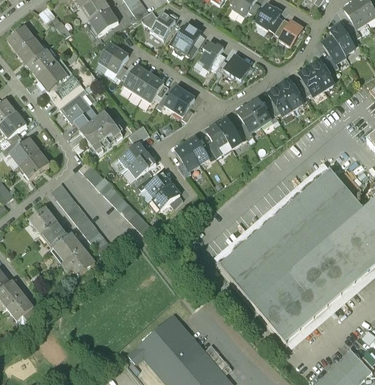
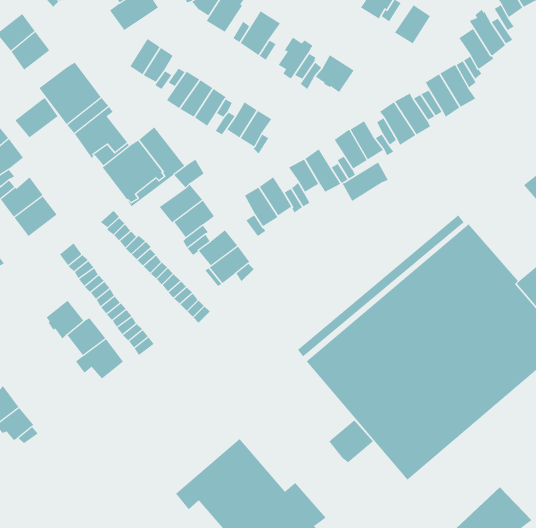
building: [26,49,56,77] -> [14,97,58,138]
building: none -> [342,161,389,202]
building: [29,206,56,233] -> none
building: none -> [329,419,374,463]

